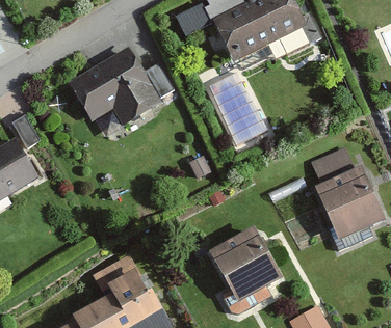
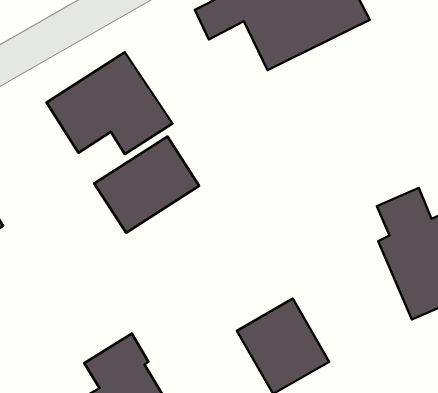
building: none -> [94,137,199,233]

